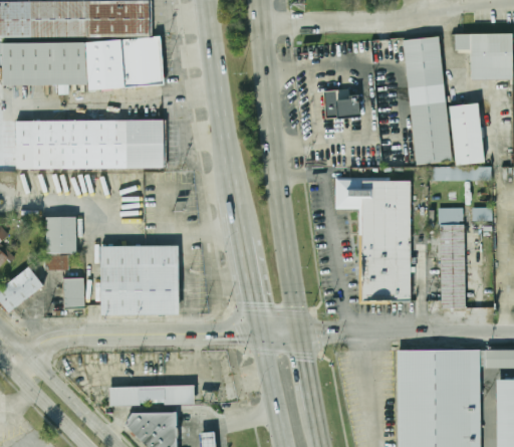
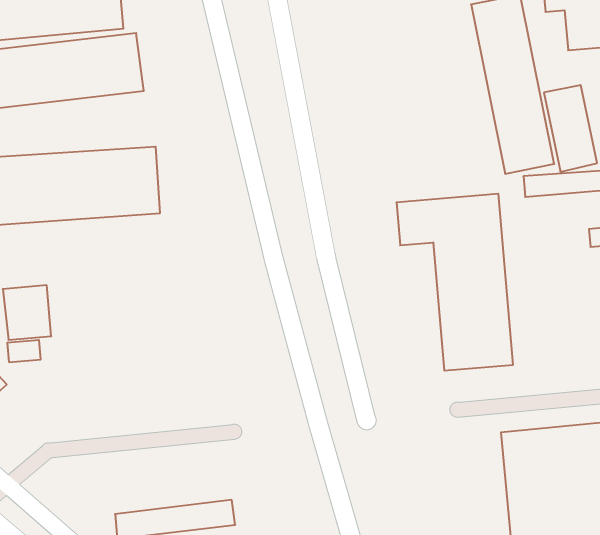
building: [322,88,355,119] -> none
building: [440,209,465,307] -> none
building: [99,246,179,313] -> none
building: [62,277,84,308] -> none

